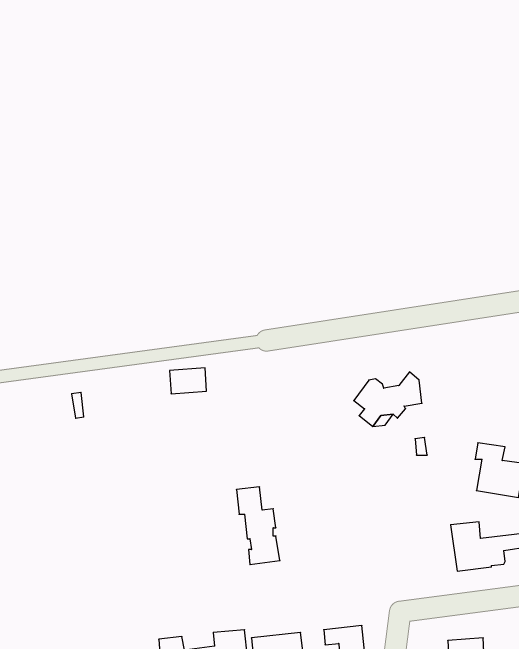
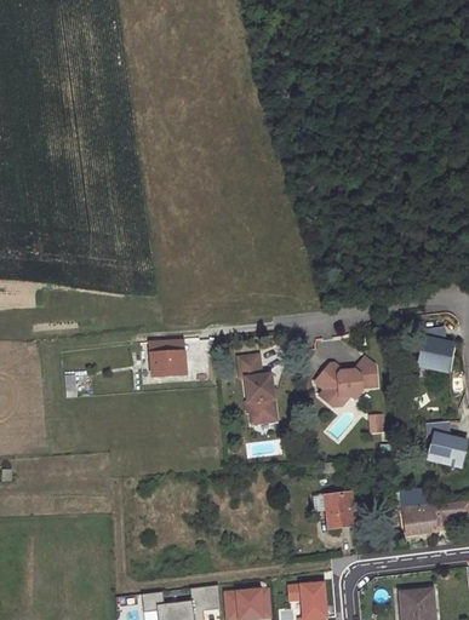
building: none -> [416,325,452,372]
building: [236,487,280,565] -> [239,352,278,421]
building: none -> [311,493,350,529]

